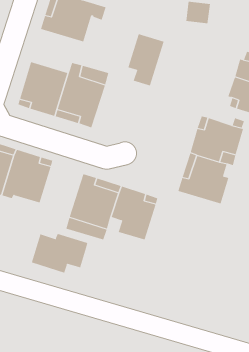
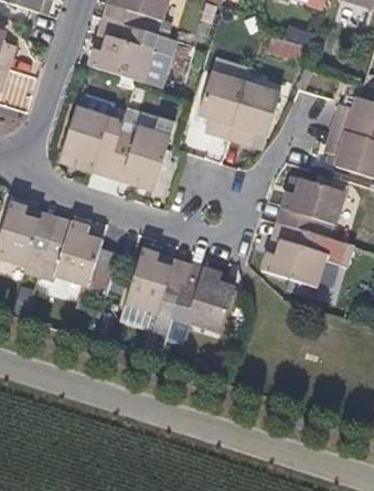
building: none -> [227,82,280,146]
building: [31,233,88,274] -> none

